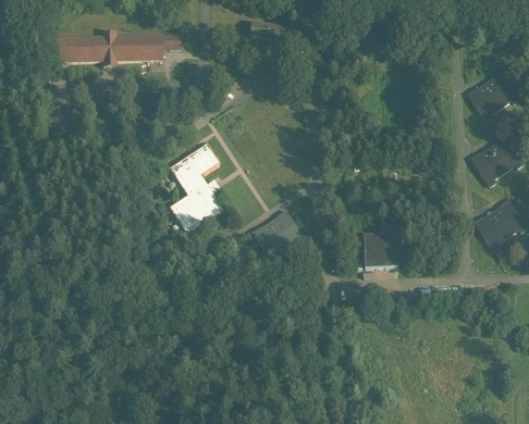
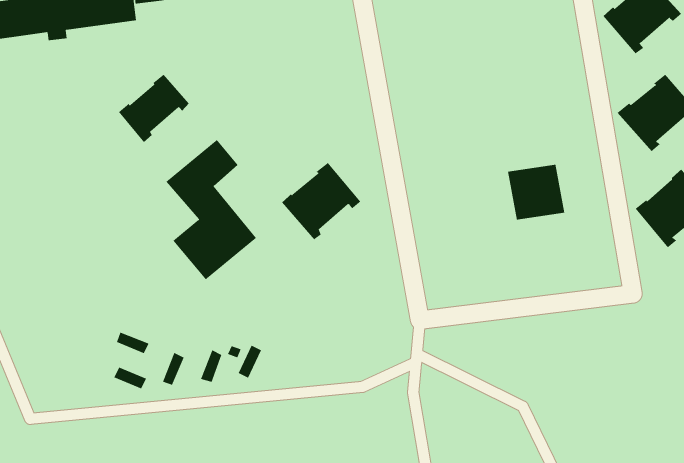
building: none -> [118,74,189,143]
building: [253,210,305,260] -> [281,162,361,240]
building: [361,236,396,270] -> [507,164,565,220]

